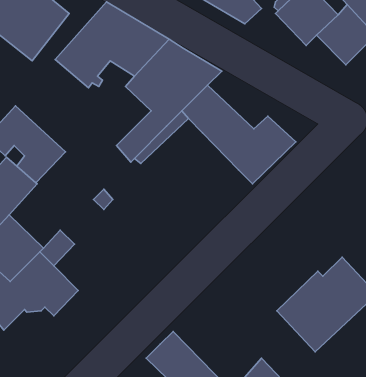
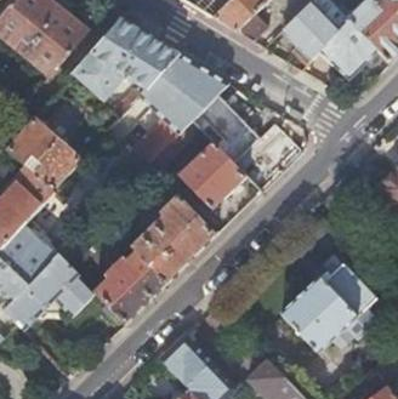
building: none -> [177,143,245,211]
building: none -> [93,196,215,323]

